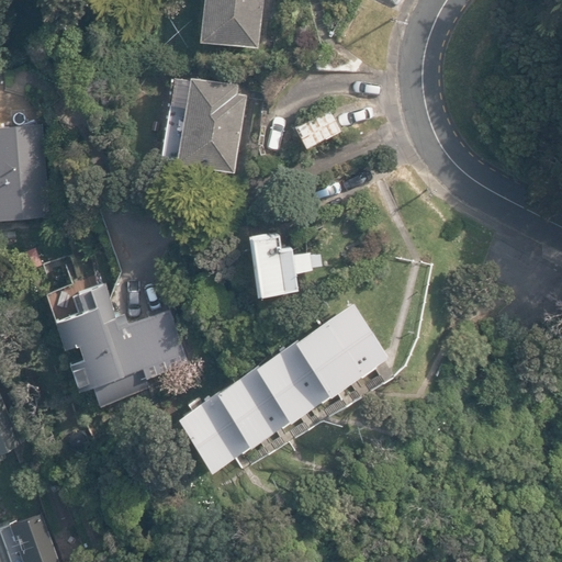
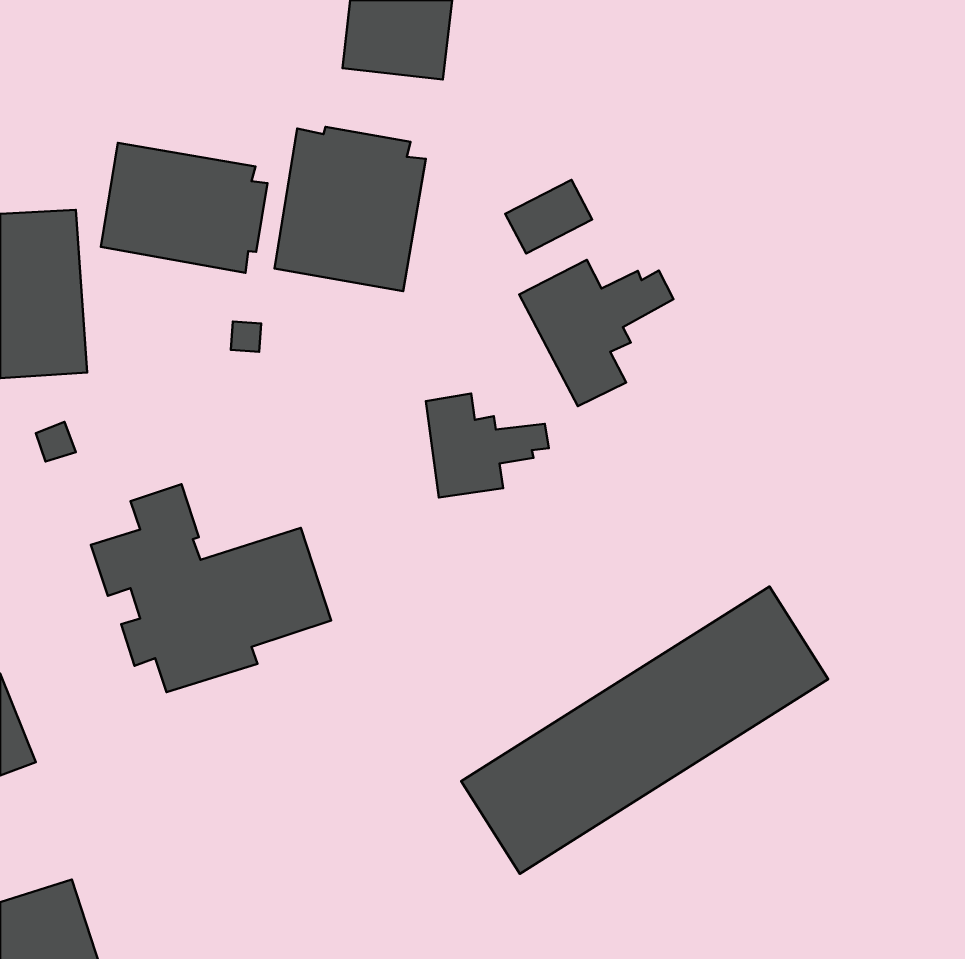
building: none -> [101,143,268,273]
building: none -> [519,260,673,406]
building: [173,303,386,470] -> [461,586,828,874]

